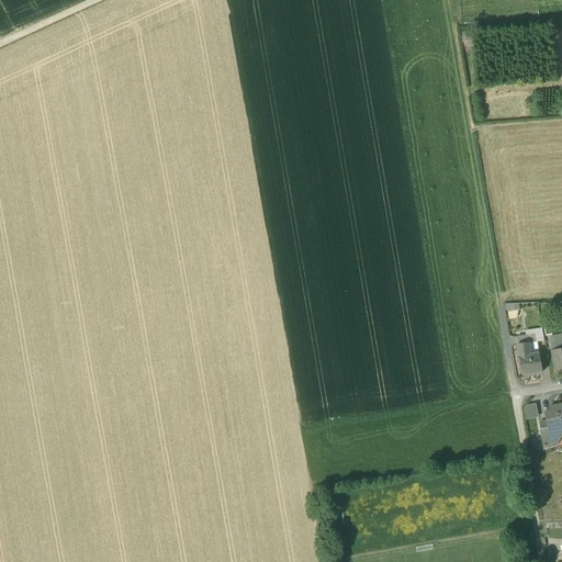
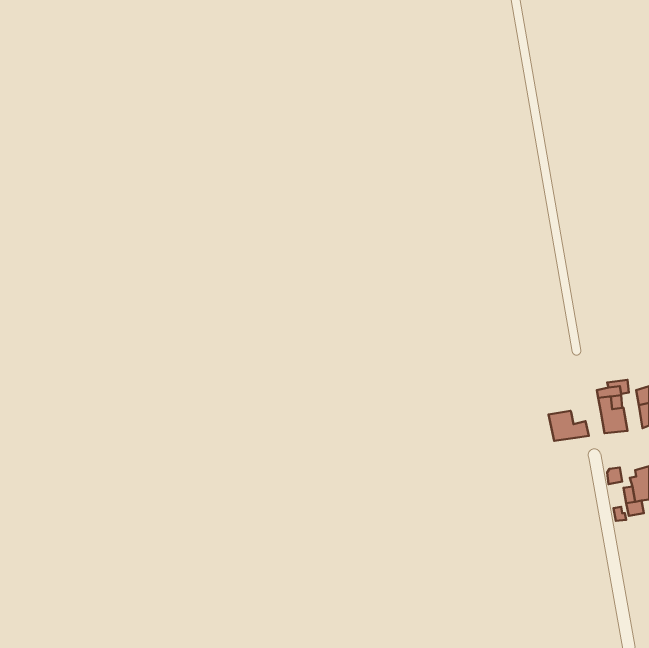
building: none -> [549,411,589,441]

